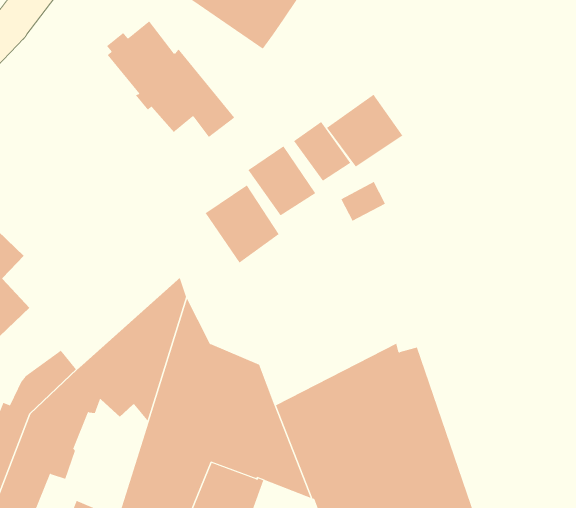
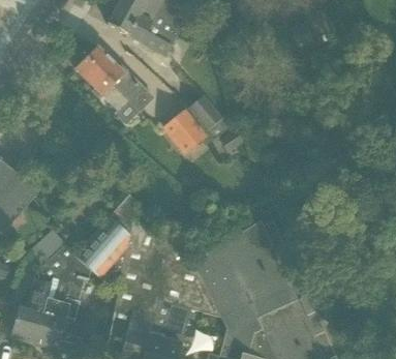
building: [326,94,403,168] -> none
building: [205,184,279,263] -> none

